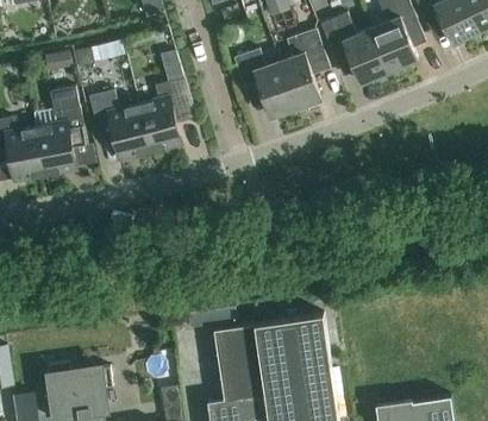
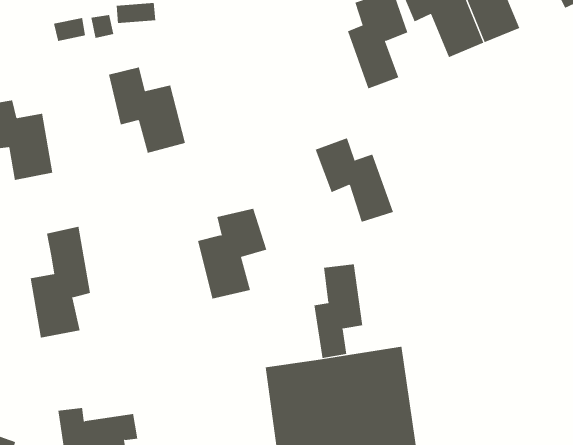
building: [232,49,295,117] -> [315,137,394,223]
building: [138,78,194,151] -> [197,208,267,299]
building: [36,86,85,175] -> [30,226,91,338]
building: none -> [314,263,363,359]

